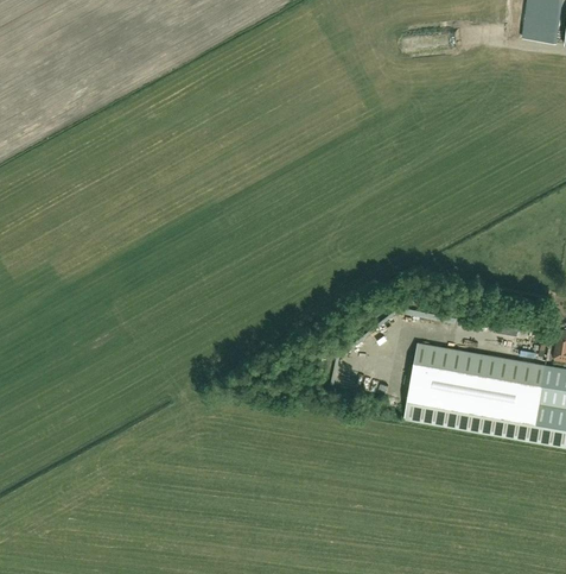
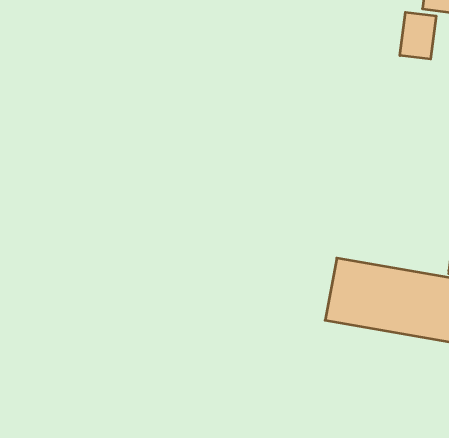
building: none -> [400,12,436,59]

